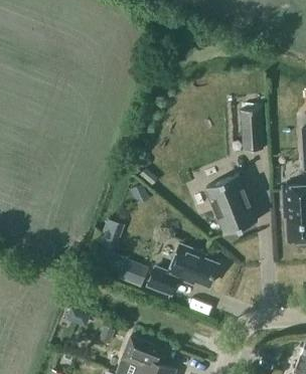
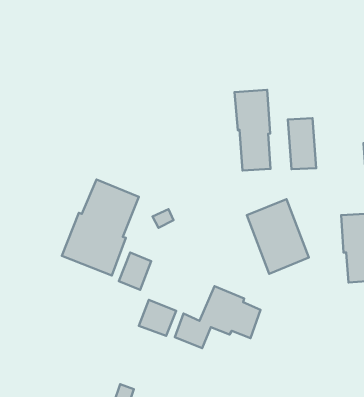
building: none -> [234,90,270,171]
building: none -> [62,180,139,276]

